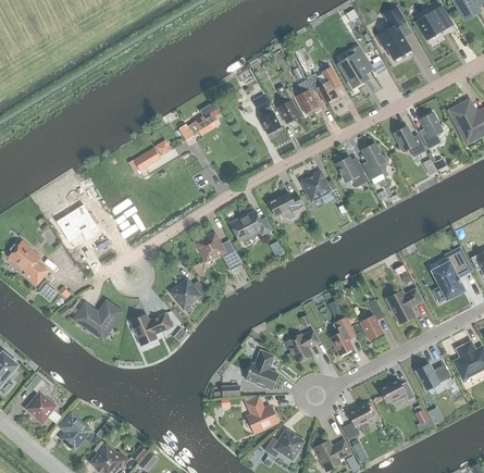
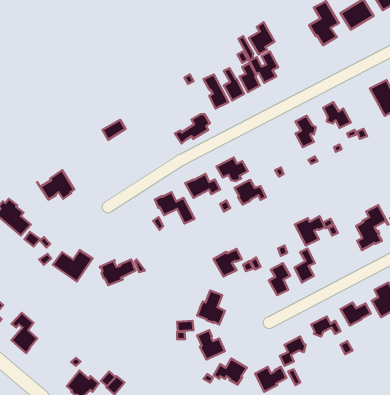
building: [339,46,370,84] -> [249,22,274,54]
building: [179,104,221,139] -> [175,114,210,143]
building: [418,112,444,149] -> none
building: [335,157,369,187] -> none
building: [301,172,338,201] -> [235,180,266,205]
building: [169,278,209,308] -> none
building: [386,288,422,323] -> [295,216,325,246]
building: [285,329,319,362] -> [213,249,242,277]
building: [61,414,94,448] -> none

